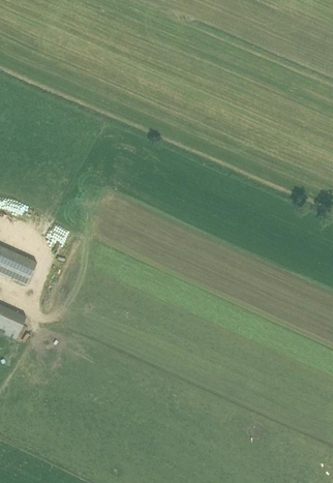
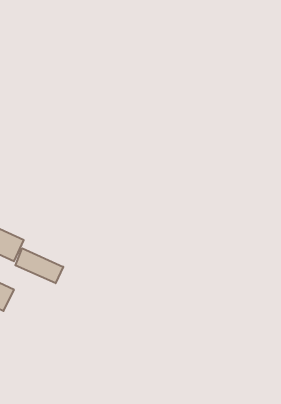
building: none -> [15,248,63,283]

